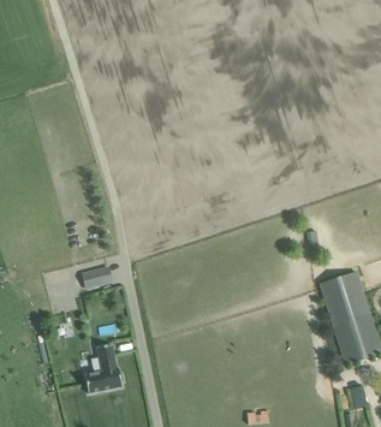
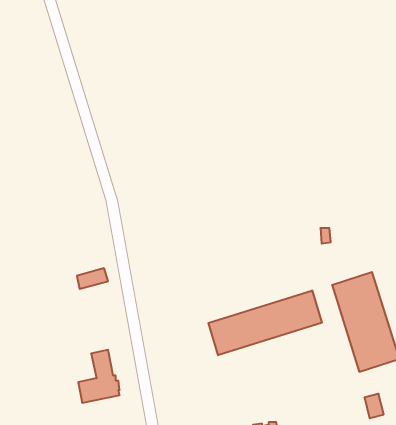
building: none -> [208,290,322,355]

